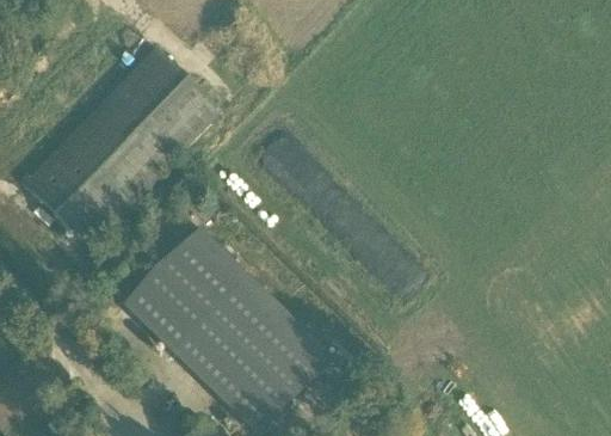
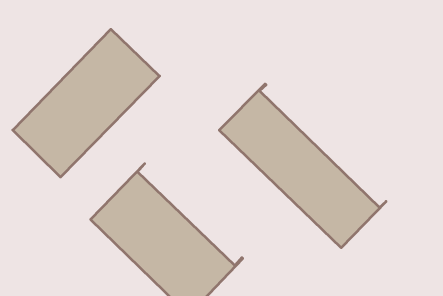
building: none -> [219,84,386,248]

